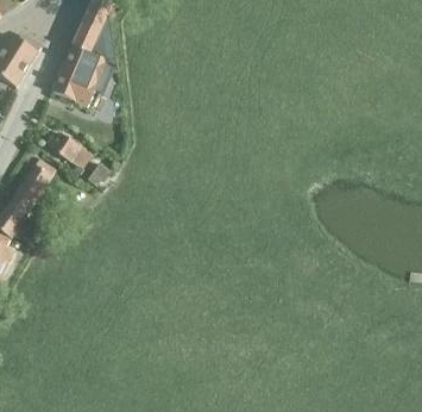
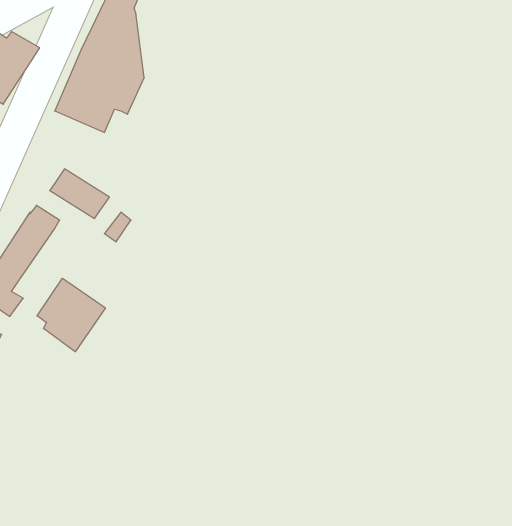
building: none -> [37,278,105,352]

